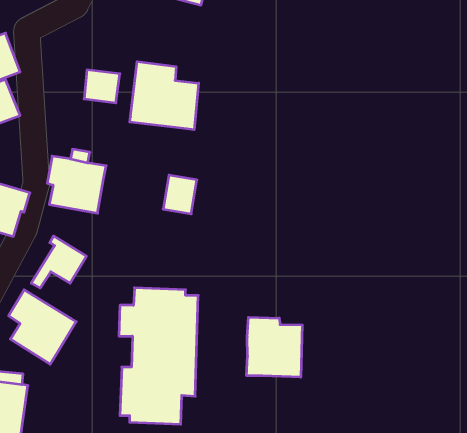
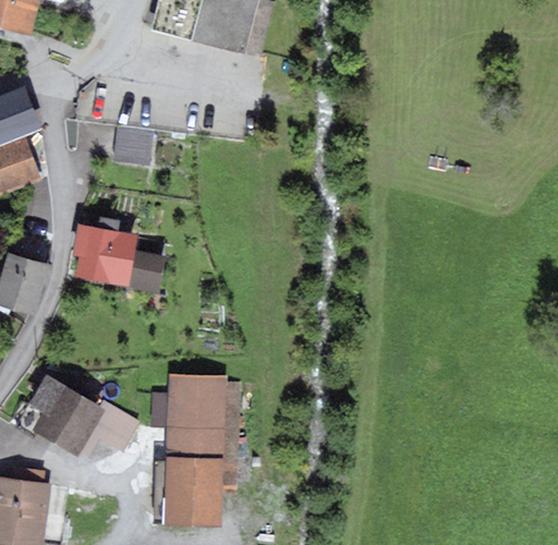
building: [130,62,199,130] -> none
building: [163,175,197,214] -> [129,250,167,293]
building: [31,236,86,288] -> [78,399,141,458]
building: [247,317,302,377] -> none

